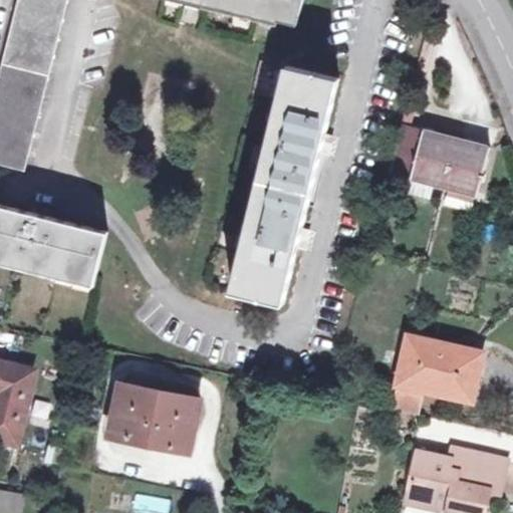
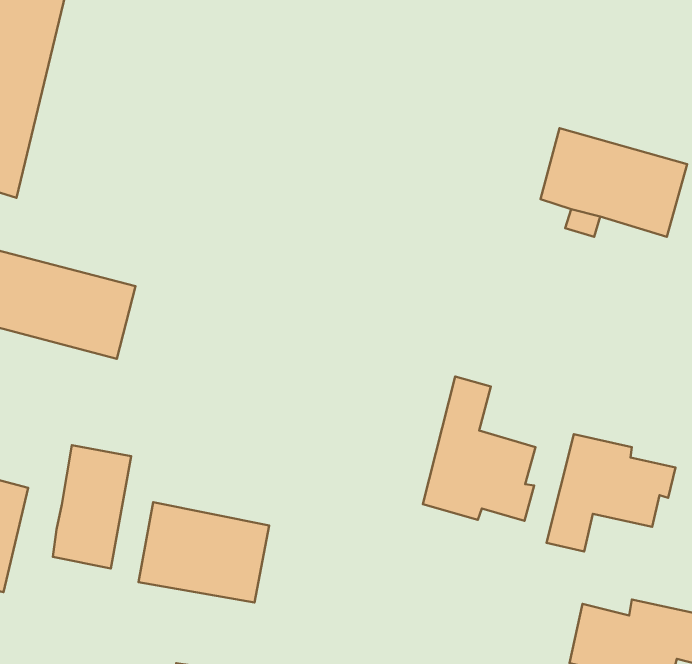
building: [230,65,335,303] -> none
building: none -> [423,376,535,521]
building: none -> [53,445,131,569]

